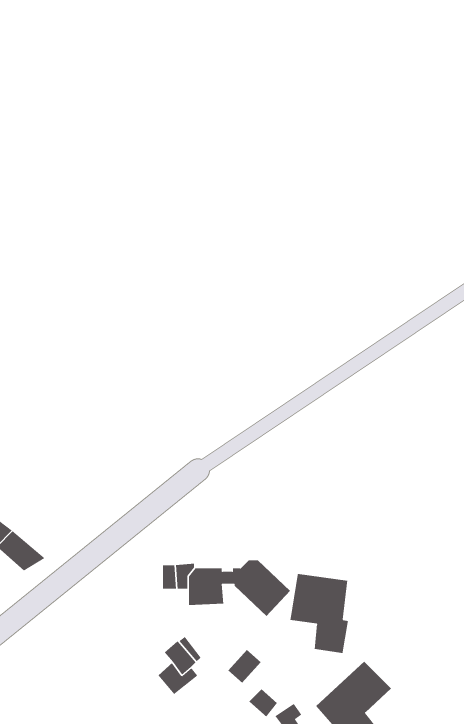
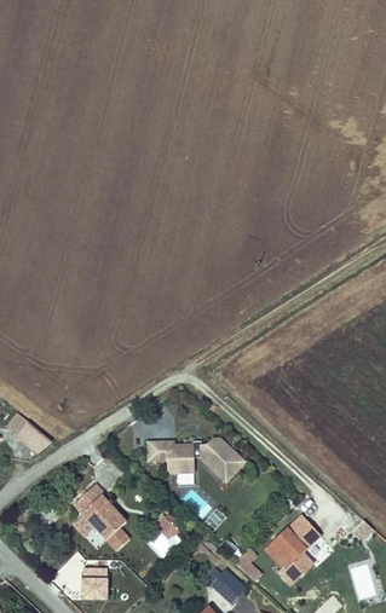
building: [290,573,348,654] -> none
building: none -> [71,473,126,532]

